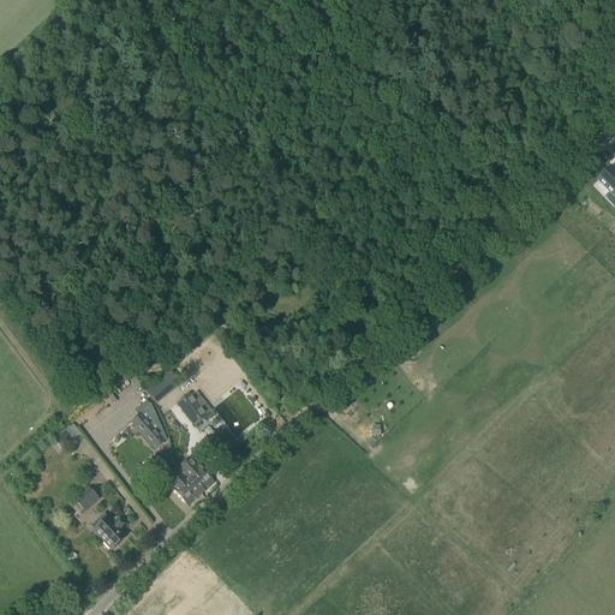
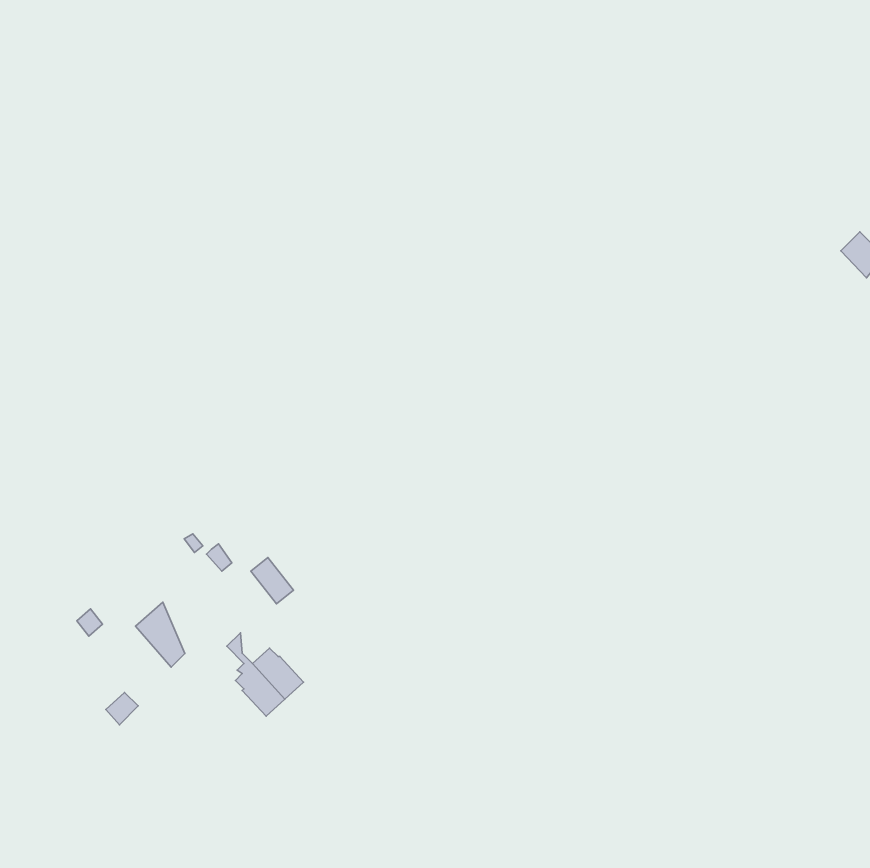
building: [132,404,167,449] -> [135,602,185,667]
building: [95,515,129,548] -> none

